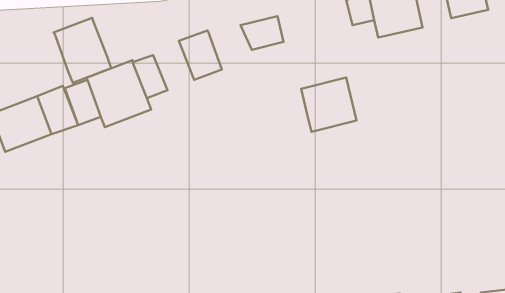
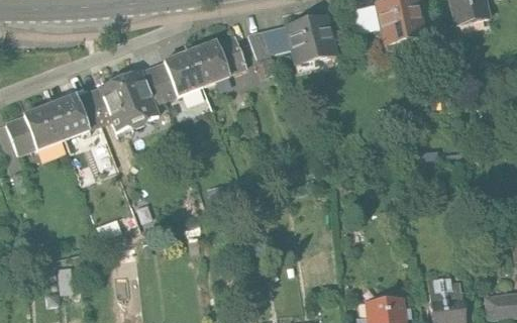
building: [54,18,111,83] -> none
building: none -> [216,33,248,77]
building: none -> [161,48,202,97]
building: [301,77,357,132] -> [284,13,338,67]

